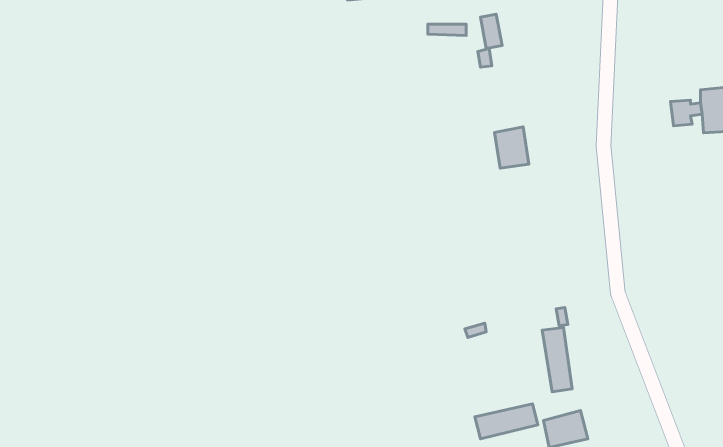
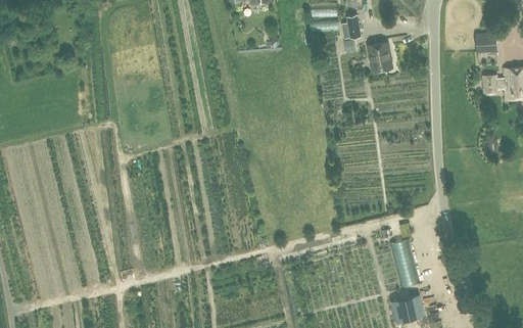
building: none -> [476,32,498,53]
building: [494,127,529,168] -> [369,42,393,72]
building: [475,404,538,439] -> none

